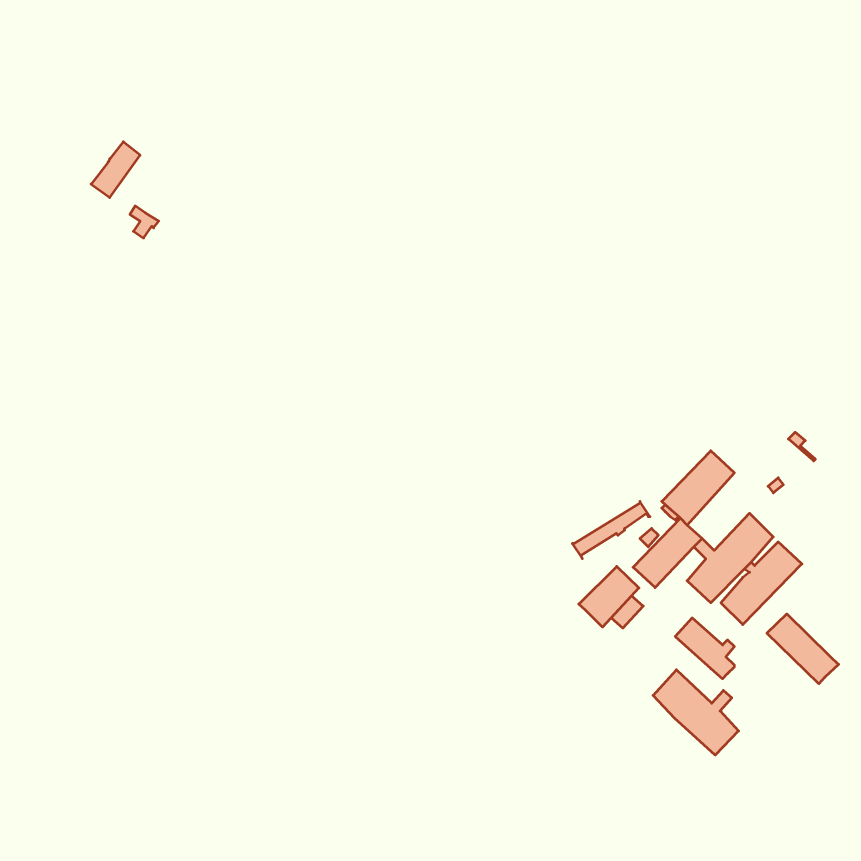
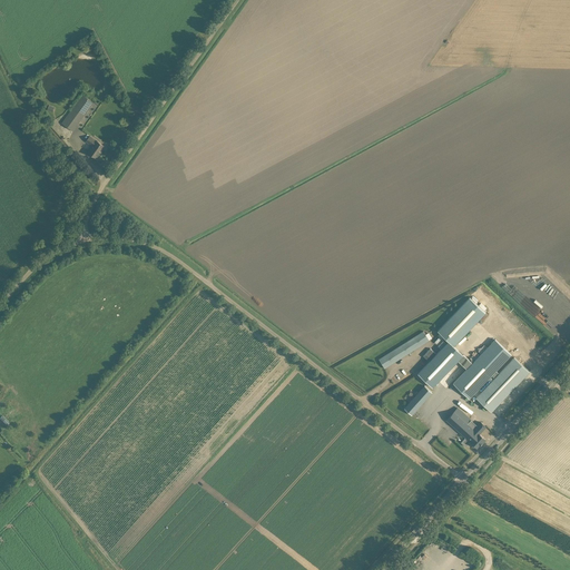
building: [579,566,639,627] -> none
building: [767,614,839,684] -> none
building: [653,670,739,755] -> none

